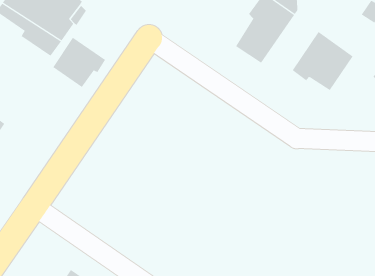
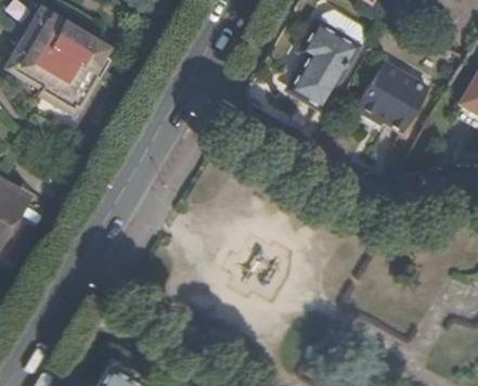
building: [53,37,106,88] -> none

